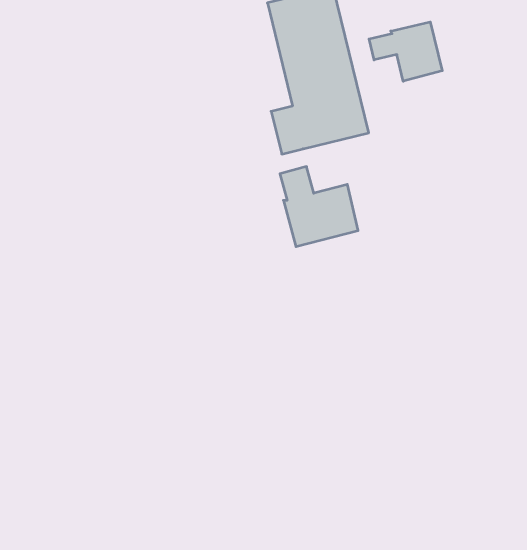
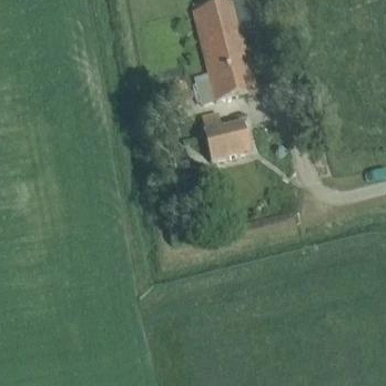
building: [369,22,442,81] -> none

